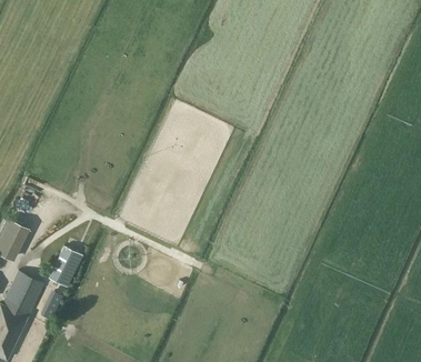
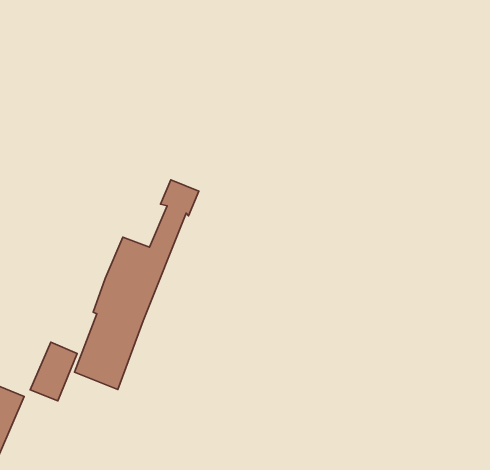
building: none -> [75,180,199,390]

